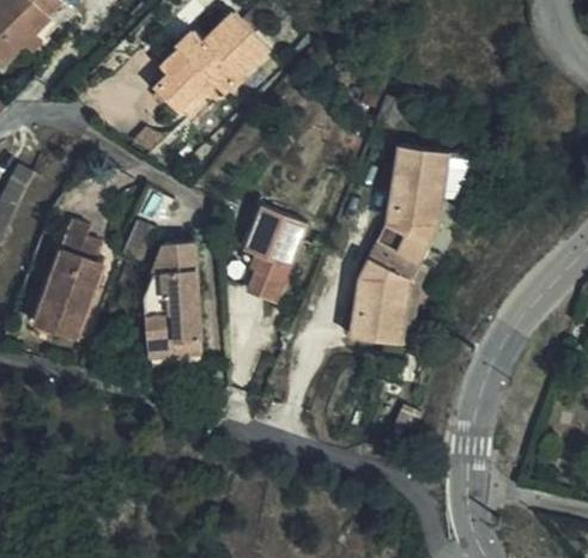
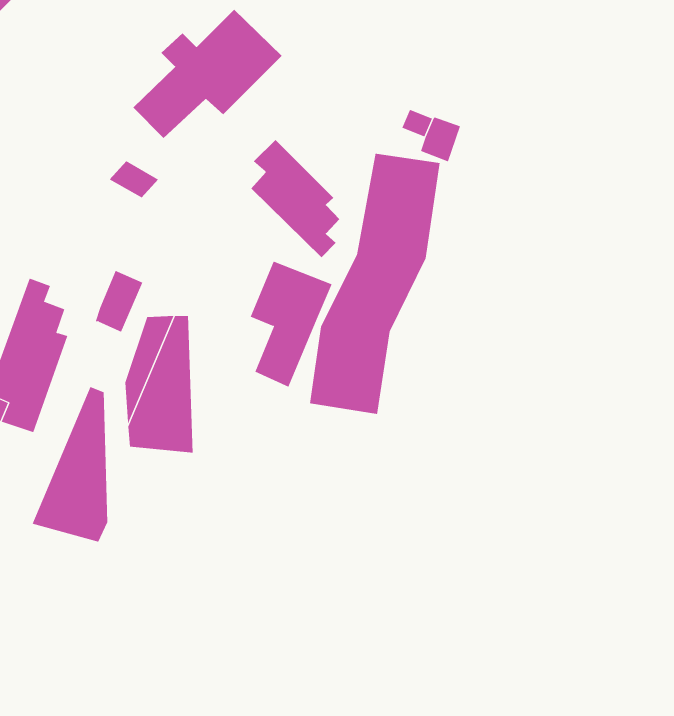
building: none -> [250,139,340,258]
building: [347,145,448,345] -> [309,153,441,414]
building: none -> [32,386,108,542]

